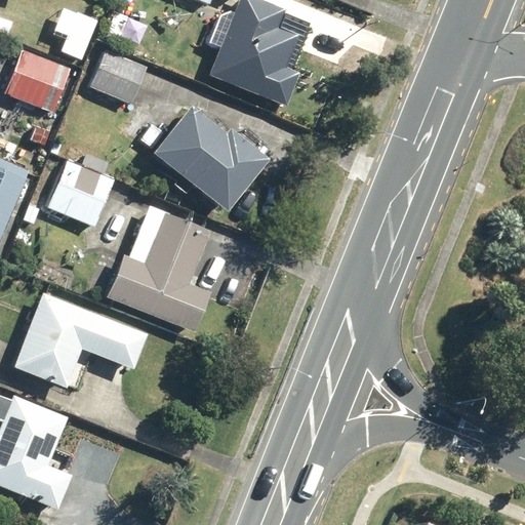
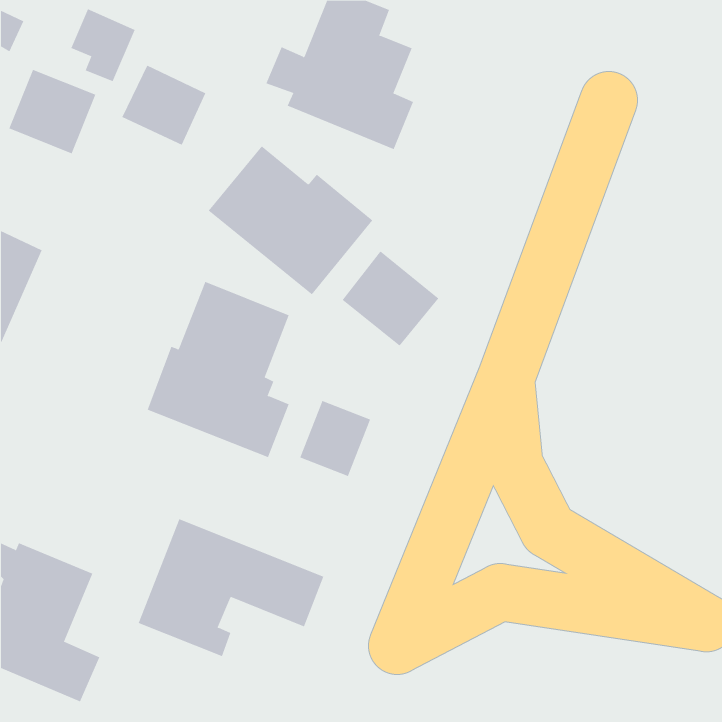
building: [47,153,115,227] -> none
building: none -> [342,251,439,346]
building: none -> [300,400,371,477]
building: [13,291,149,392] -> [138,518,324,657]

